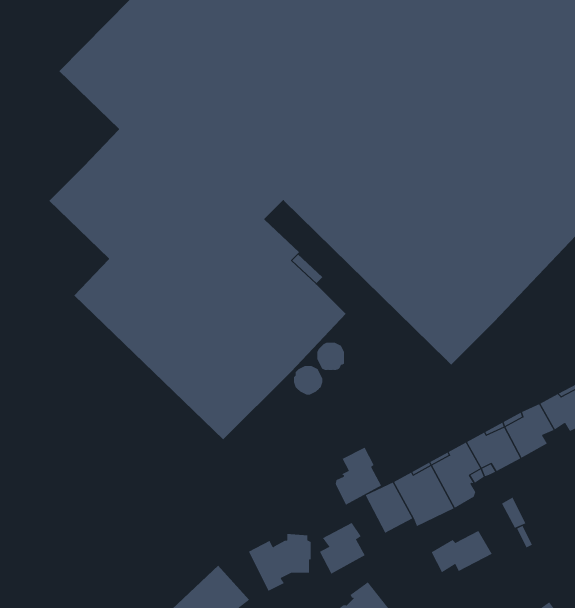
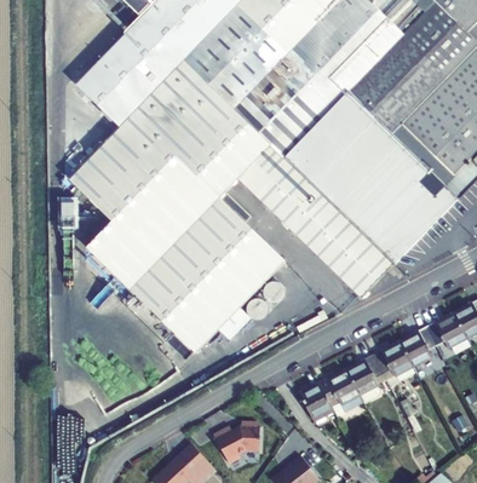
building: [335,447,382,505] -> none
building: [319,522,365,574] -> none
building: [431,530,492,573] -> none

